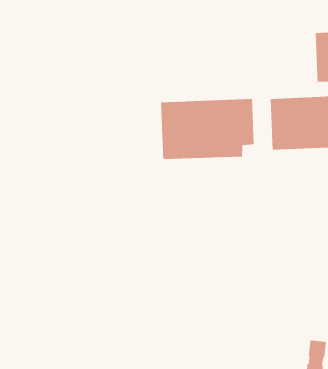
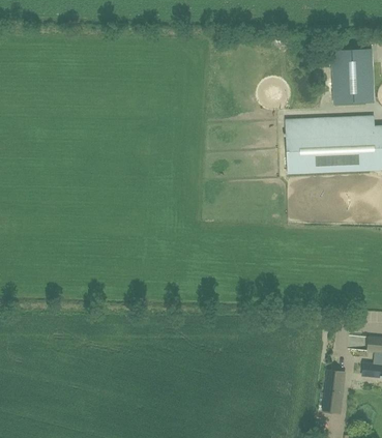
building: [160,98,254,160] -> none

